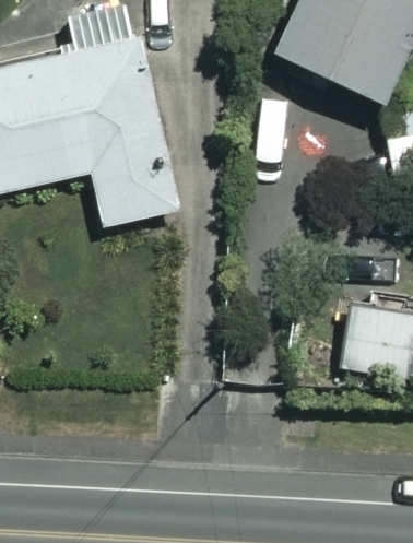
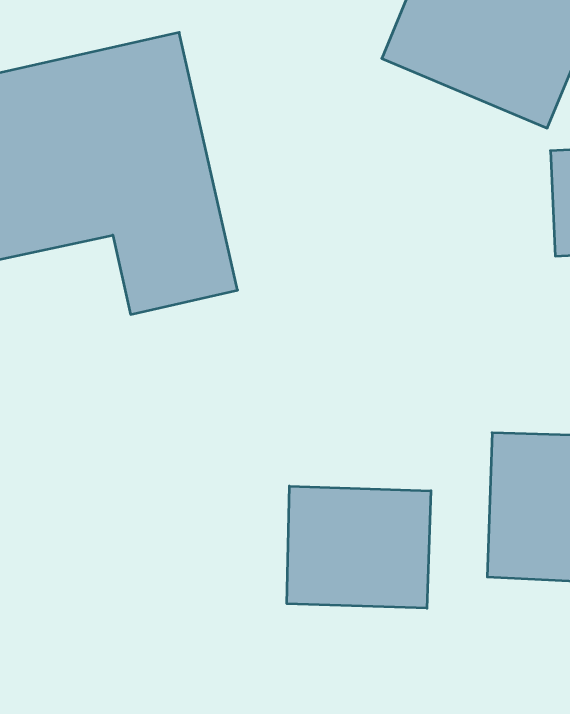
building: none -> [287,486,431,608]

